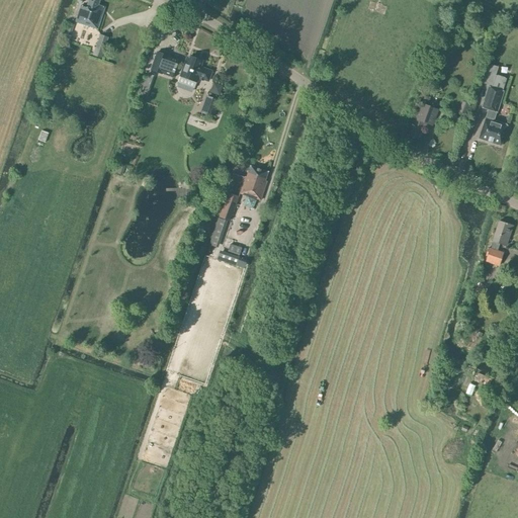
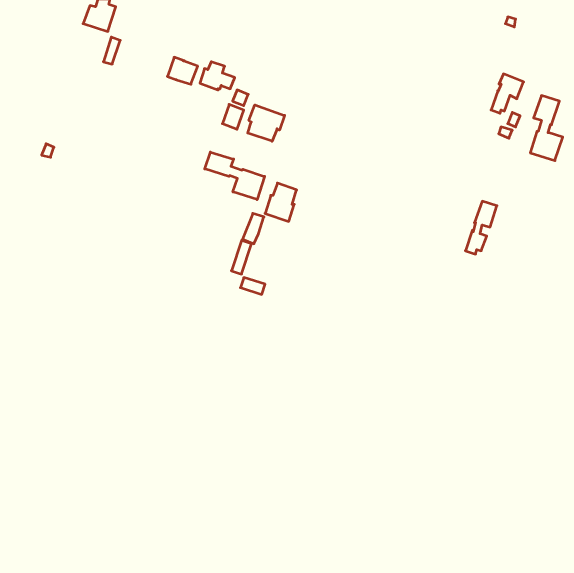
building: none -> [248,105,285,141]
building: [409,102,438,138] -> [491,74,524,113]
building: none -> [205,152,265,200]
building: [484,221,512,268] -> [465,201,497,254]

